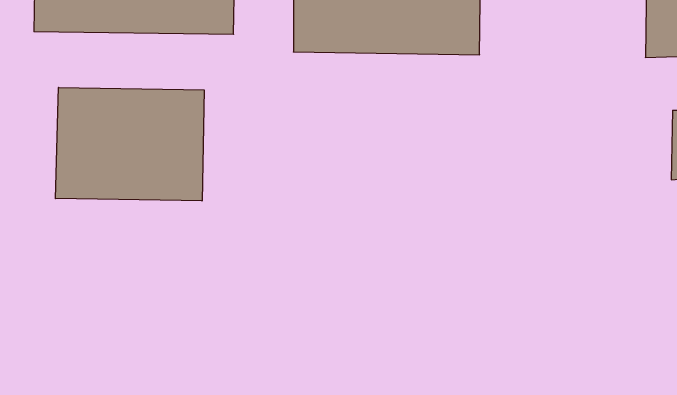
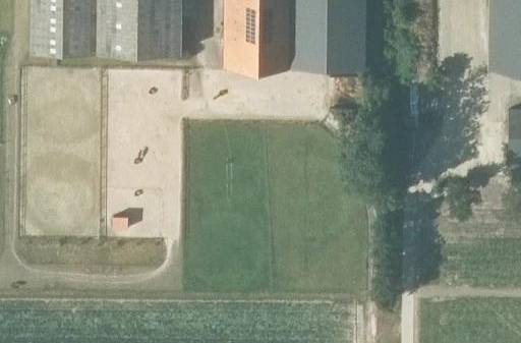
building: [55,87,204,201] -> none

